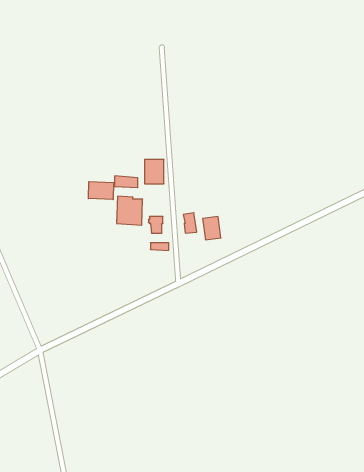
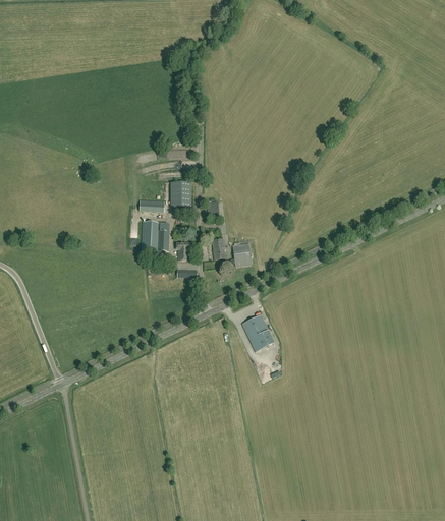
building: [88,182,114,200] -> none
building: none -> [242,313,274,350]

